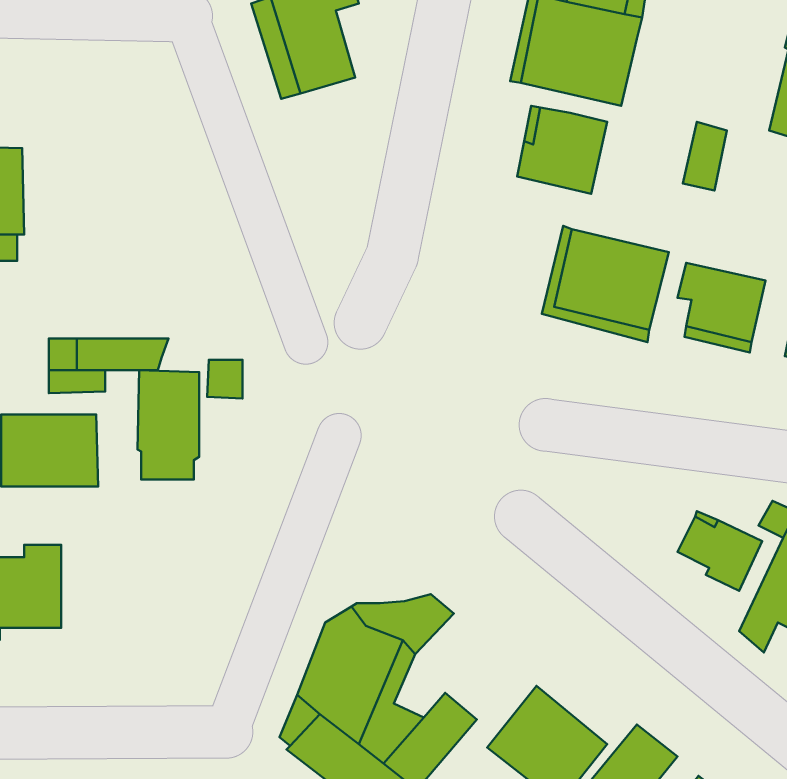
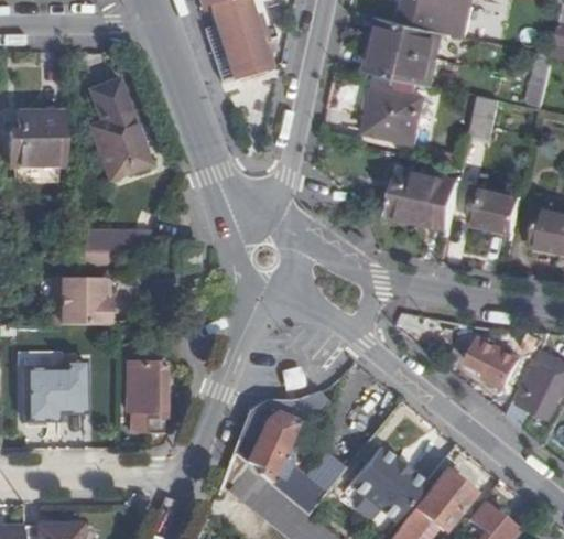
building: none -> [90,80,149,177]
building: [138,370,199,480] -> [127,360,165,429]

